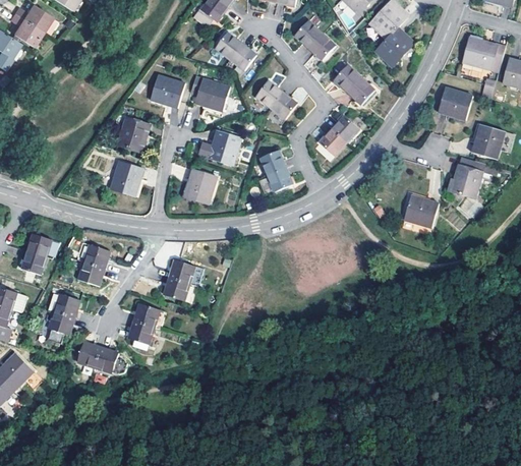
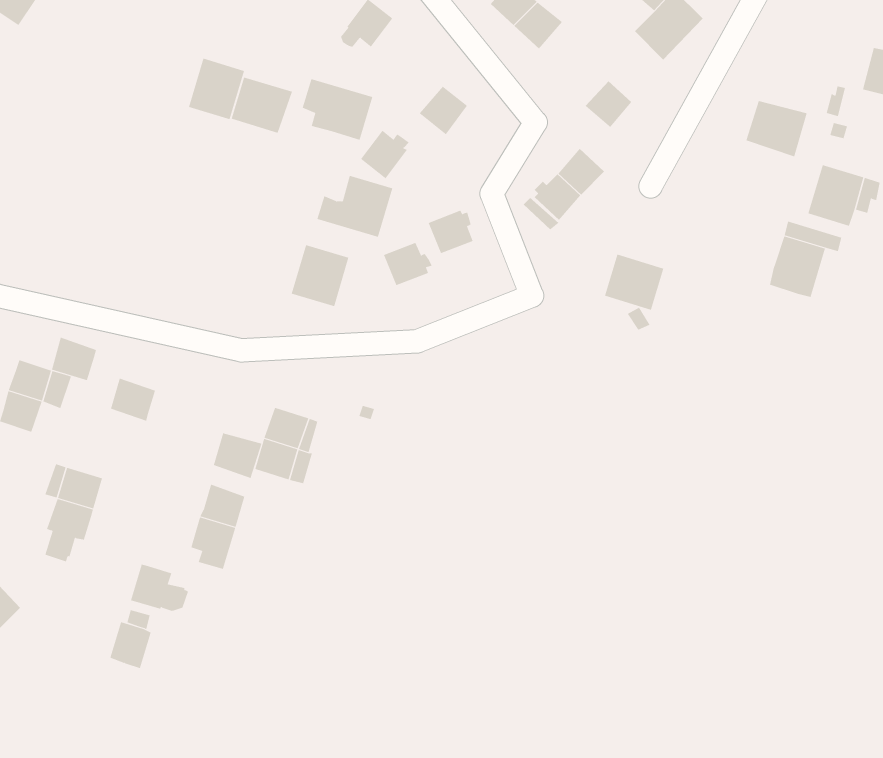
building: [463,38,505,71] -> none
building: [229,43,256,70] -> none
building: [334,65,361,92] -> none
building: [271,92,298,119] -> [360,130,410,179]
building: [118,117,150,152] -> [188,58,245,120]
building: [111,161,143,195] -> none
building: [268,167,295,191] -> [383,242,432,286]
building: [404,195,438,227] -> [604,254,664,310]
building: [78,260,104,285] -> [51,337,97,381]
building: none -> [213,432,262,479]
building: [77,341,101,367] -> [110,621,152,669]

